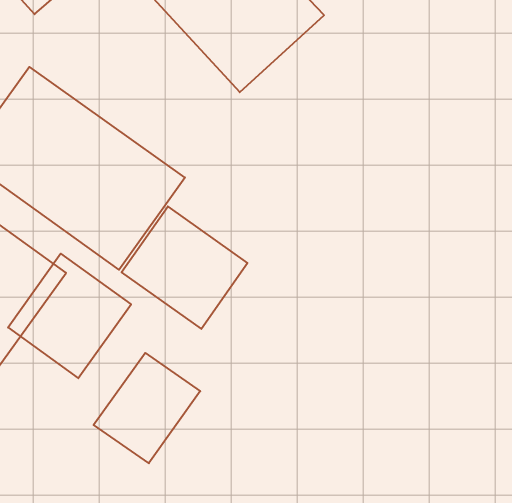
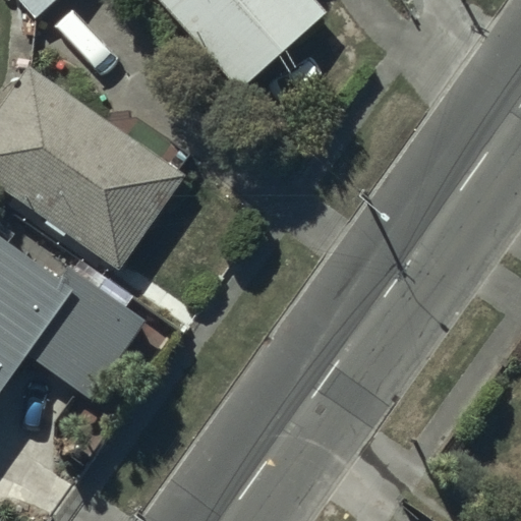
building: [122,206,247,329] -> none
building: [94,353,200,463] -> none

